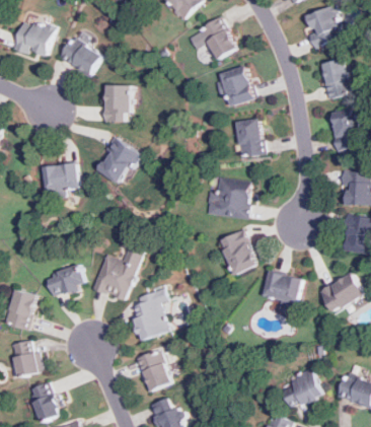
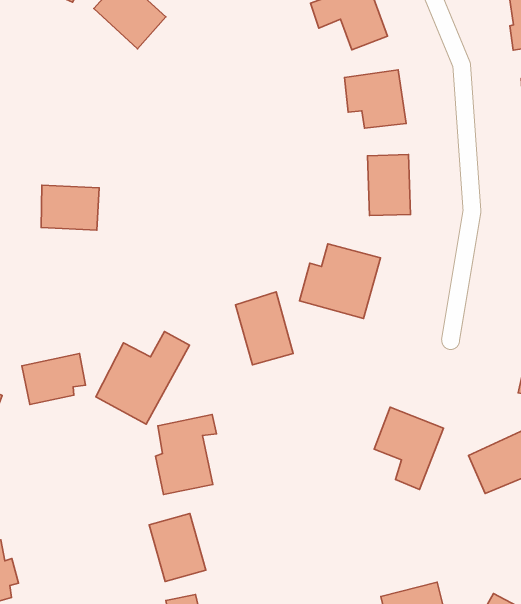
building: [103,84,130,122] -> none
building: [97,136,139,184] -> none
building: [218,229,256,275] -> [235,292,293,365]

